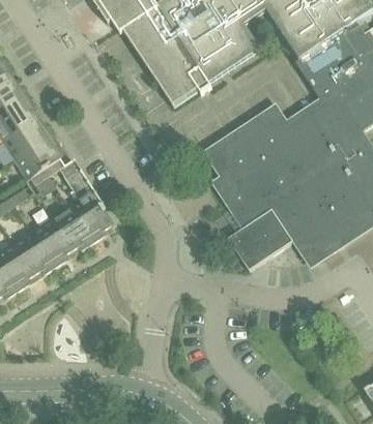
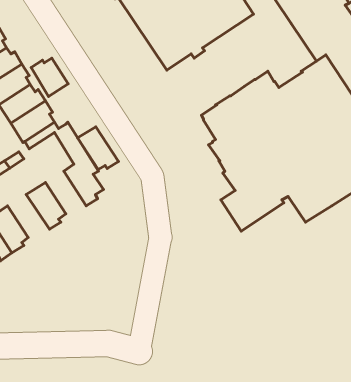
building: none -> [31,58,68,97]
building: [51,209,92,252] -> [78,127,118,170]
building: [12,233,55,276] -> none

